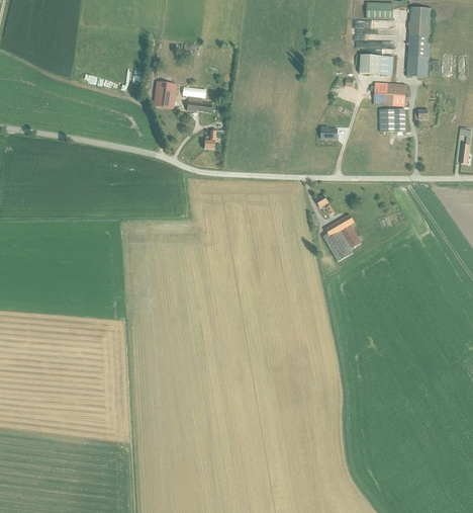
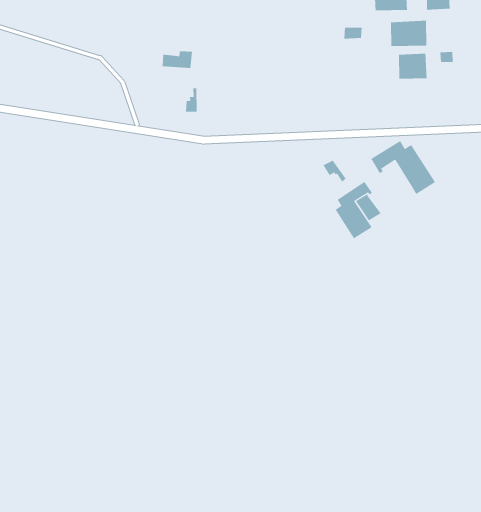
building: [153,80,176,107] -> none
building: none -> [370,140,436,195]

